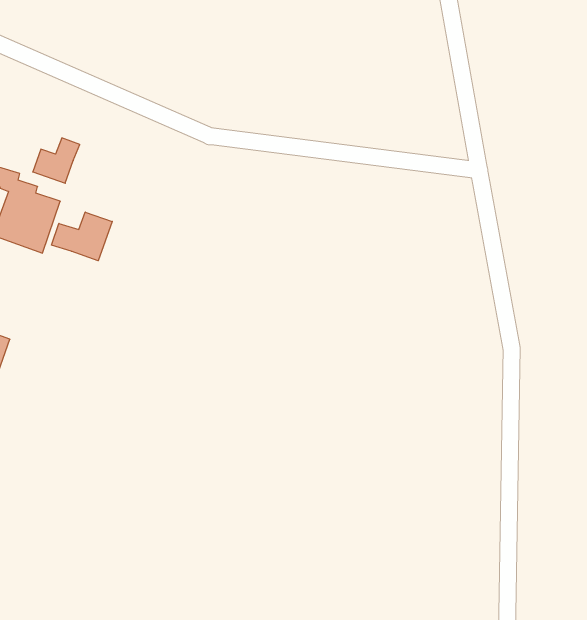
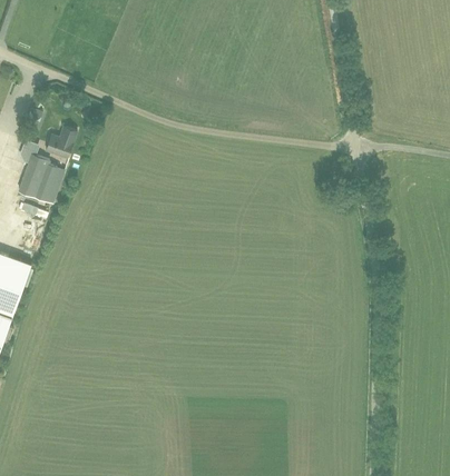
building: [51,212,112,261] -> none

